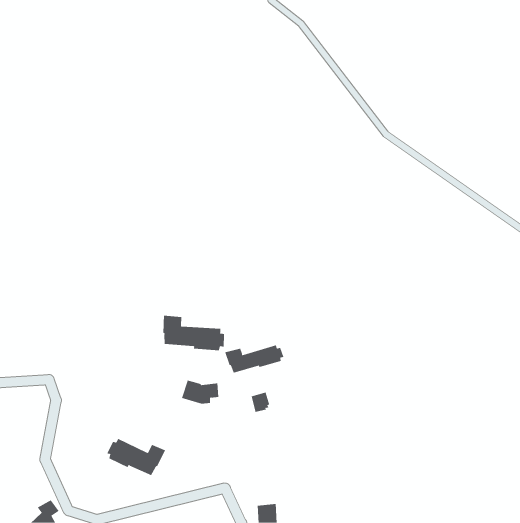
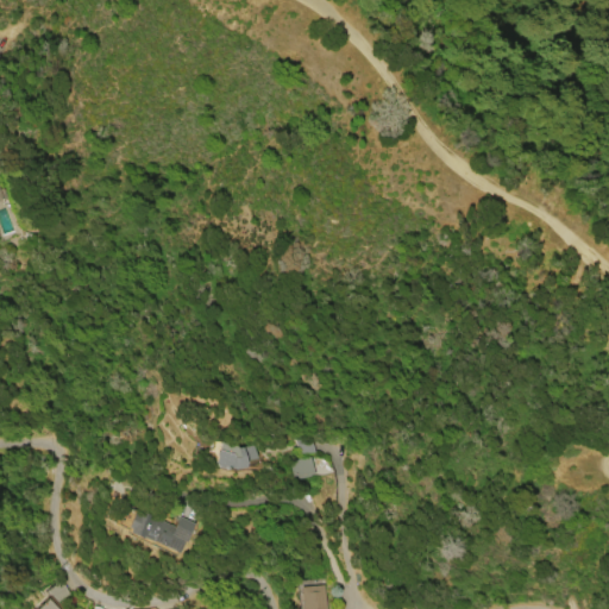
building: [163,315,224,351] -> none
building: [224,344,284,373] -> none

